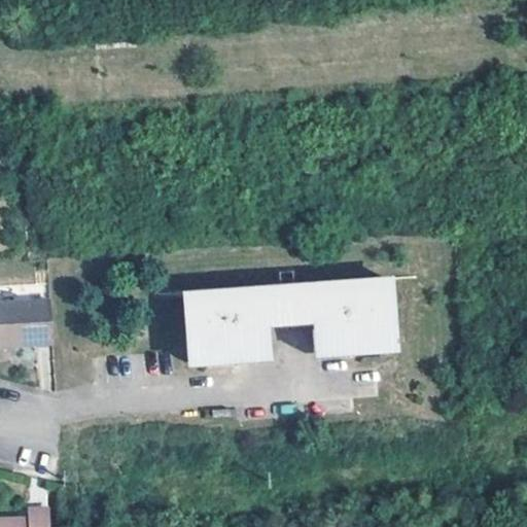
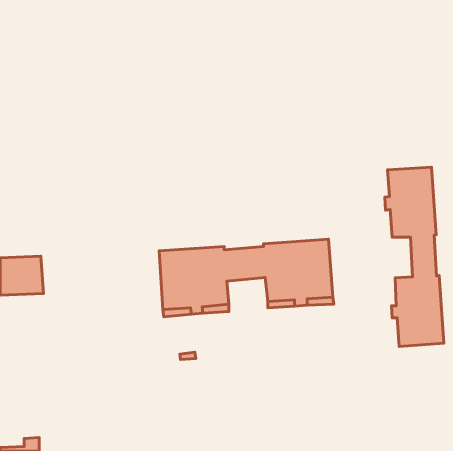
building: none -> [385,167,444,347]

